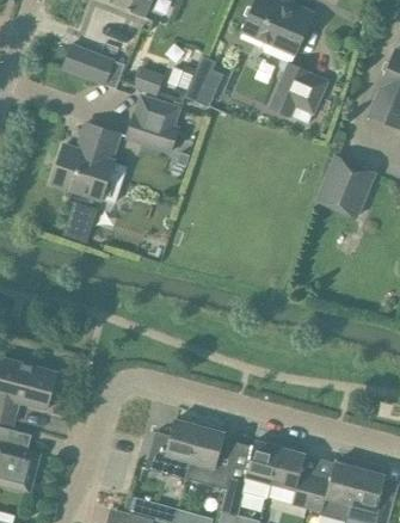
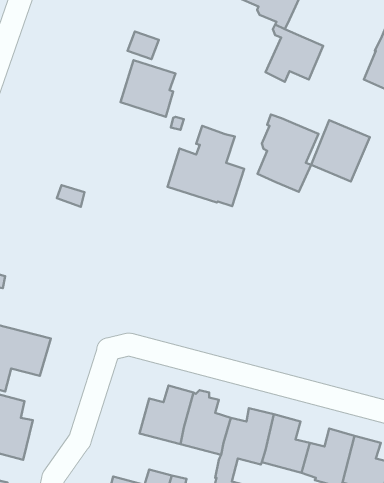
building: [62,45,113,85] -> none
building: [185,55,223,107] -> none
building: [51,123,128,203] -> [168,126,244,206]
building: none -> [257,114,318,192]

